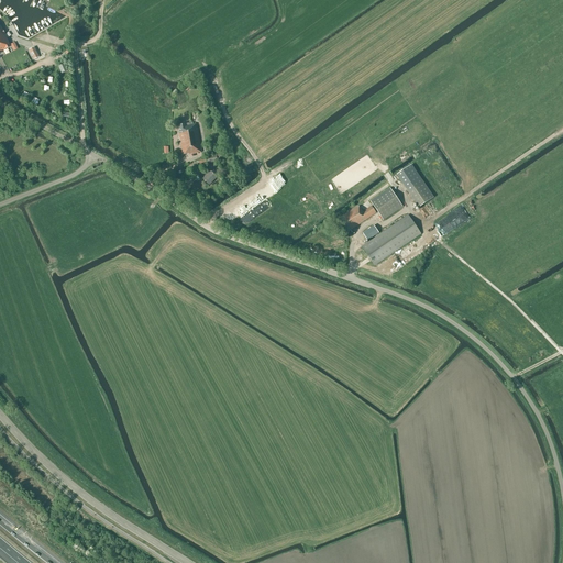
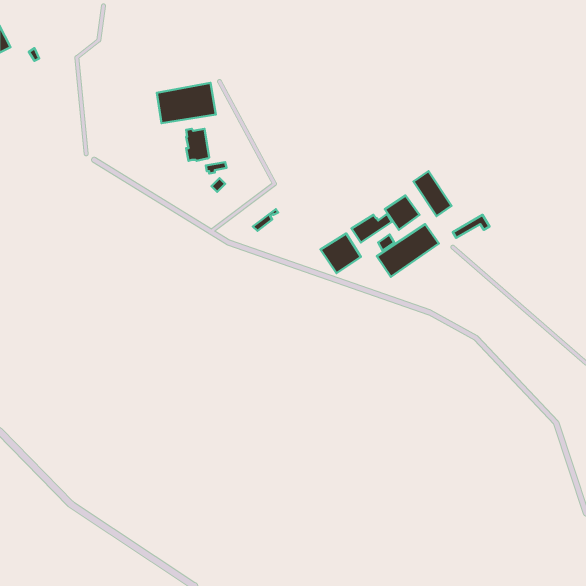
building: none -> [157,83,216,123]
building: none -> [321,234,361,273]

